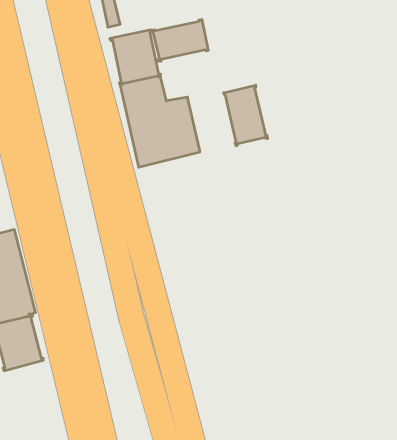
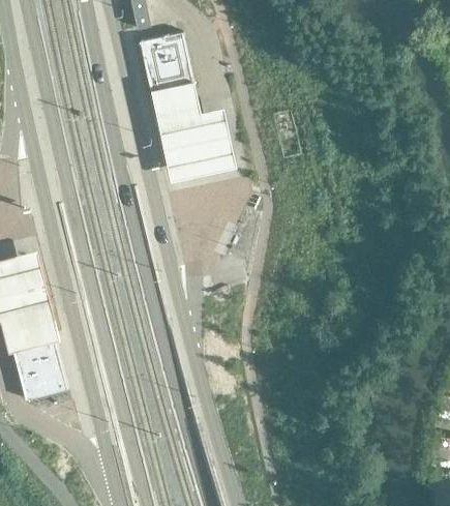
building: [151,19,208,61] -> none
building: [224,85,268,146] -> none

